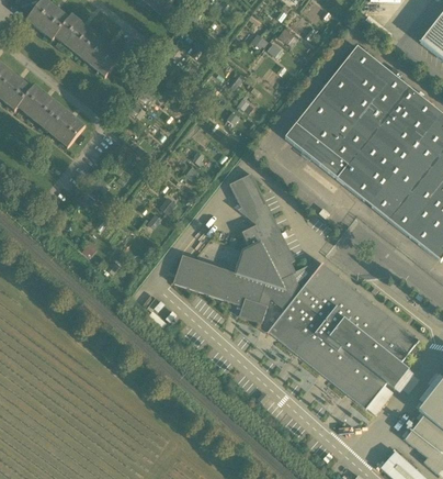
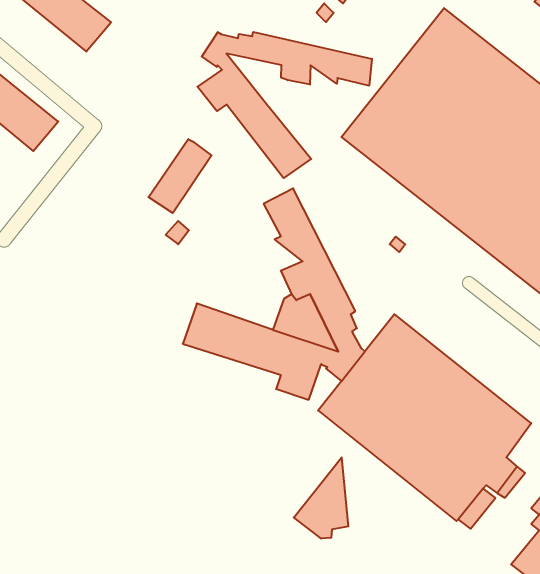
building: none -> [197,32,372,178]
building: none -> [148,139,212,213]
building: none -> [294,457,348,539]

